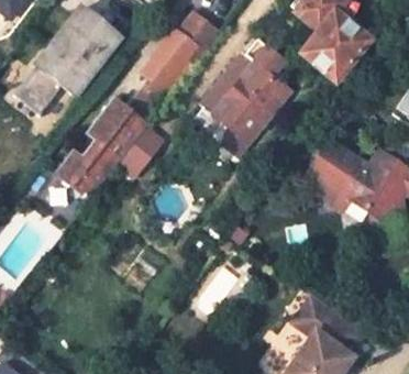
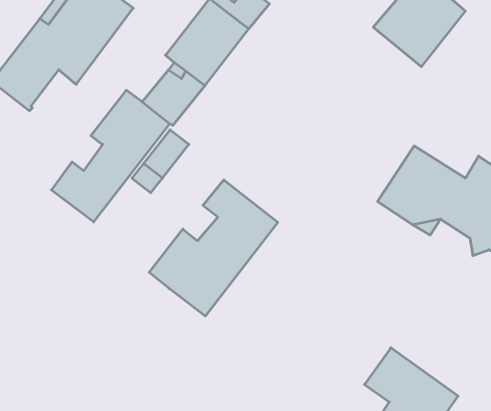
building: [192,37,291,155] -> none
building: none -> [149,180,278,316]

